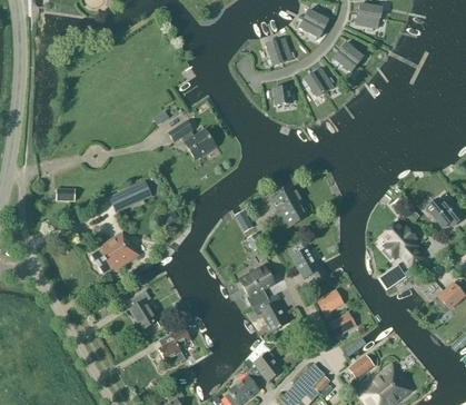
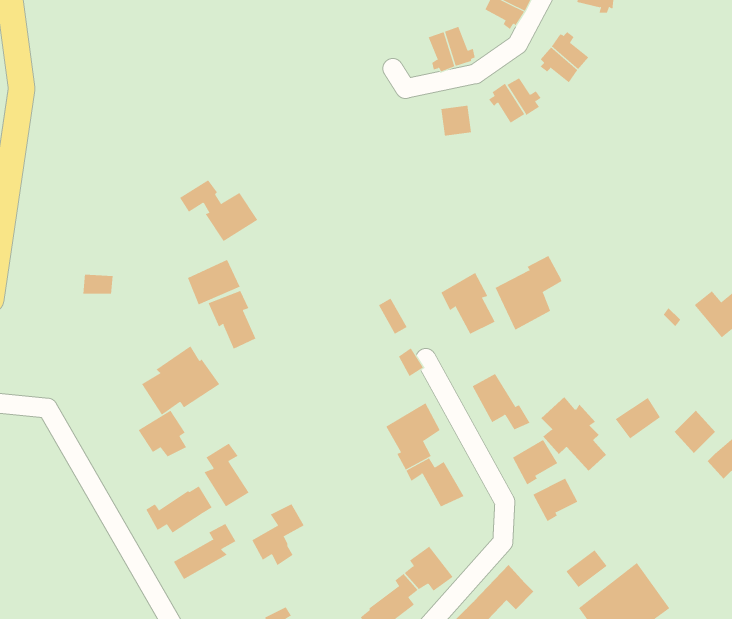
building: [168,121,216,159] -> [179,179,258,242]
building: none -> [495,255,562,330]
building: none -> [208,290,256,349]
building: [383,221,423,267] -> [541,396,607,471]
building: none -> [138,410,187,457]
building: none -> [145,486,212,534]
building: none -> [173,523,236,580]

